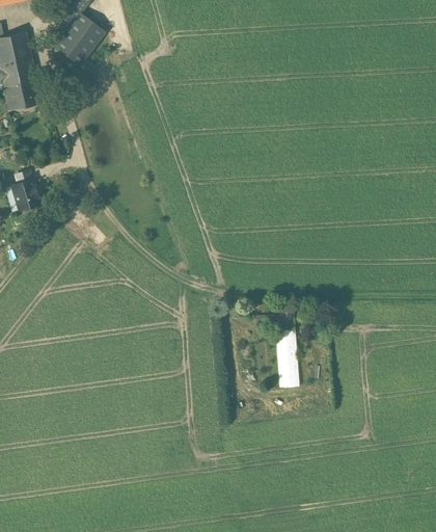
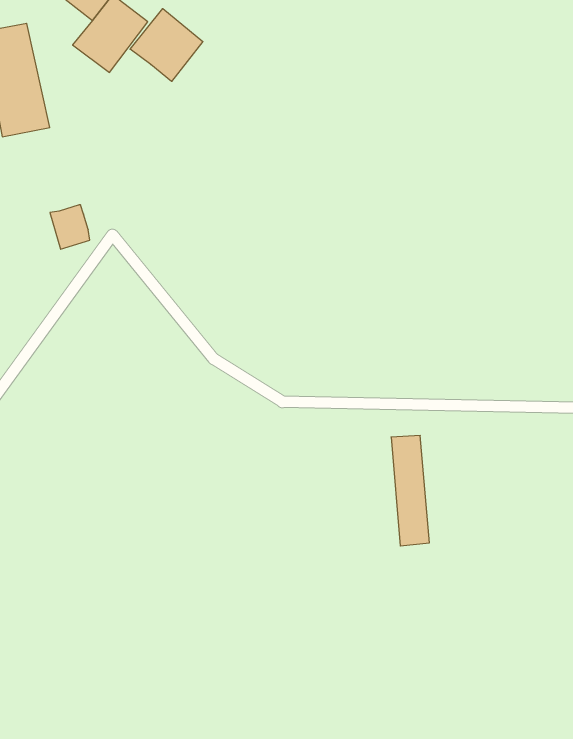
building: none -> [130,9,203,81]
building: [10,181,37,211] -> [50,205,90,249]

